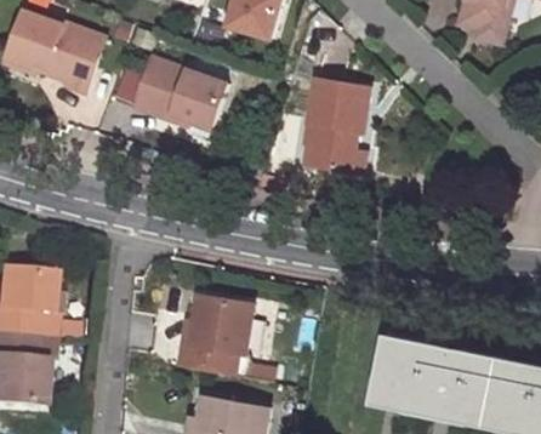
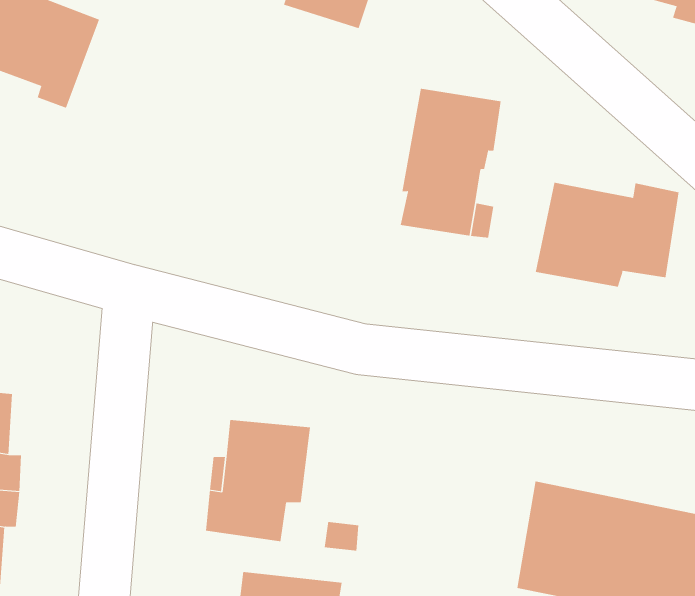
building: [132,55,227,130] -> none
building: none -> [535,182,679,287]

